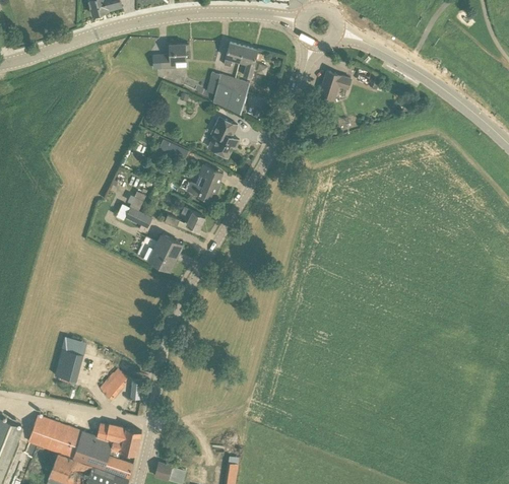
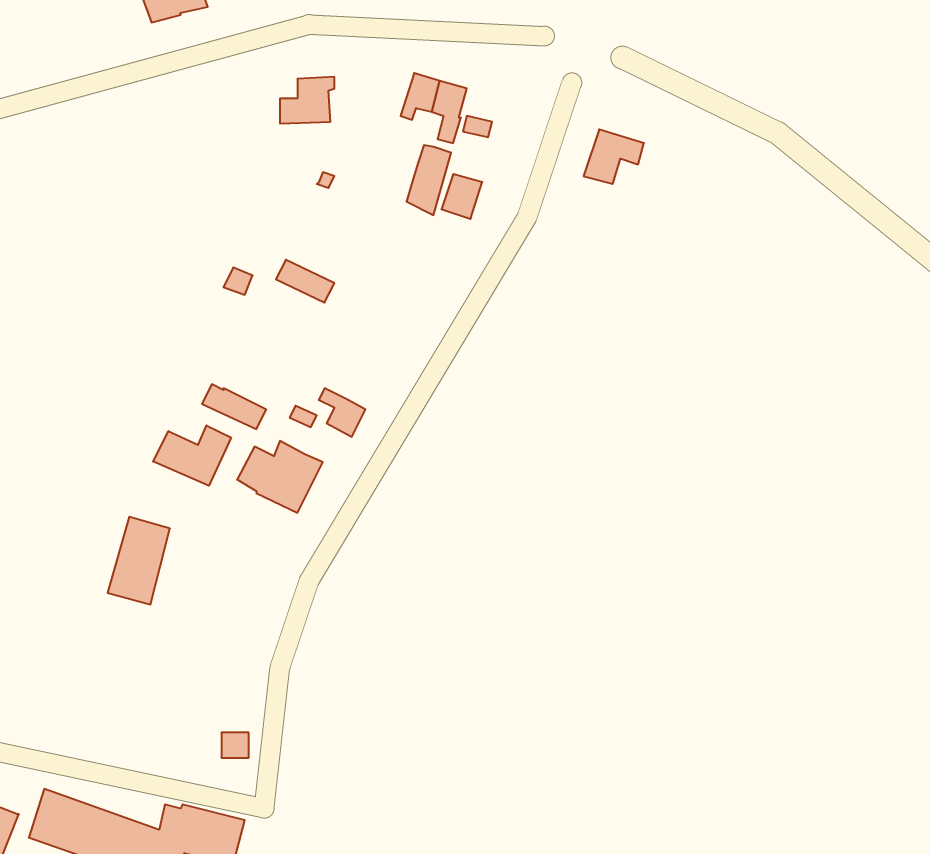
building: [206,74,236,109] -> none
building: [207,116,240,157] -> none
building: [184,164,222,200] -> none
building: none -> [153,425,231,486]
building: [52,336,84,382] -> [108,517,170,604]
building: [99,368,127,400] -> none

